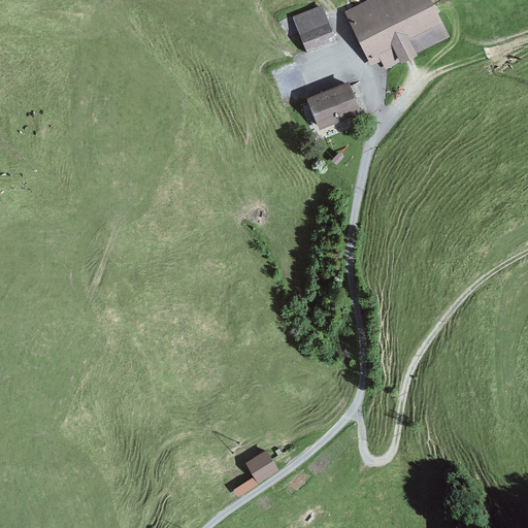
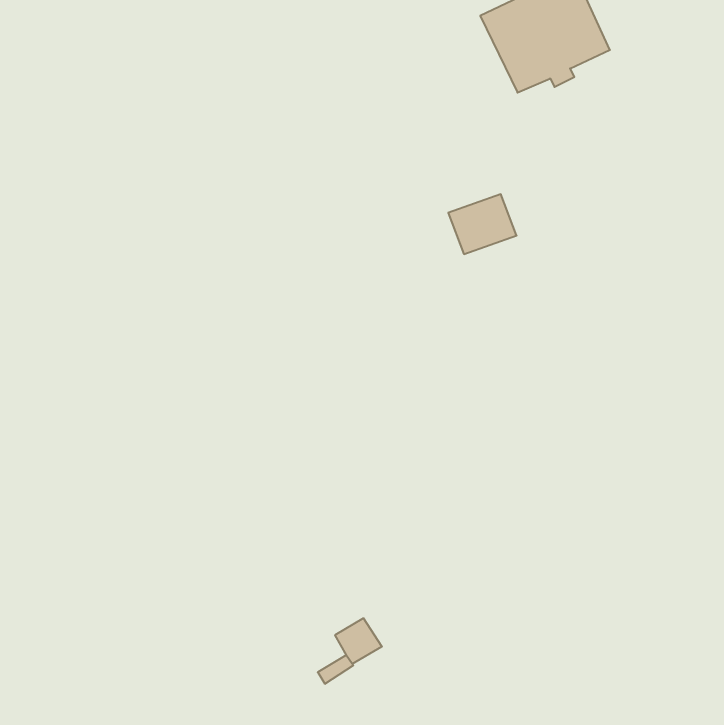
building: [293,6,332,47] -> none
building: [308,84,358,127] -> [448,194,517,254]

